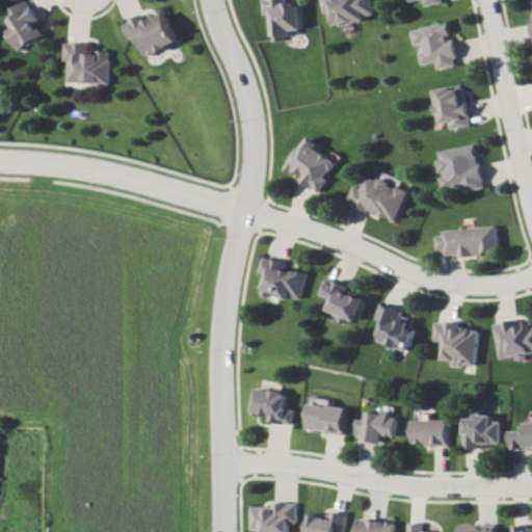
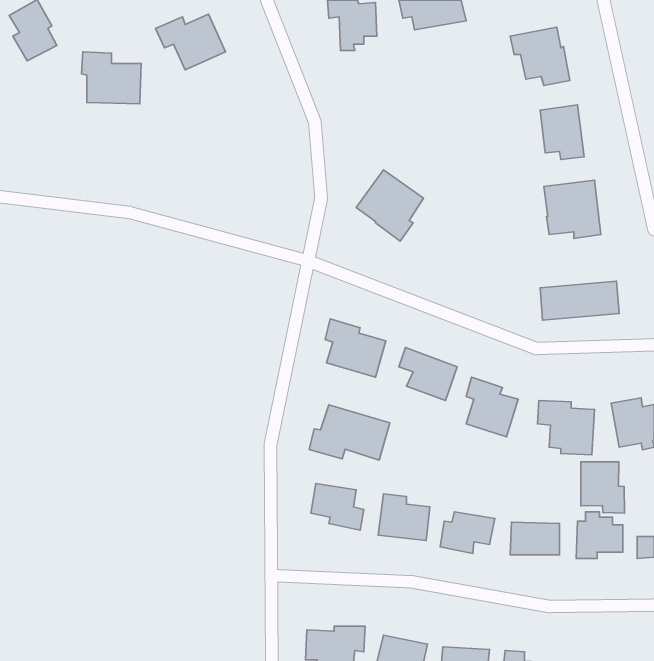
building: [348,167,408,221] -> none
building: none -> [309,405,390,460]
building: none -> [581,462,624,513]

